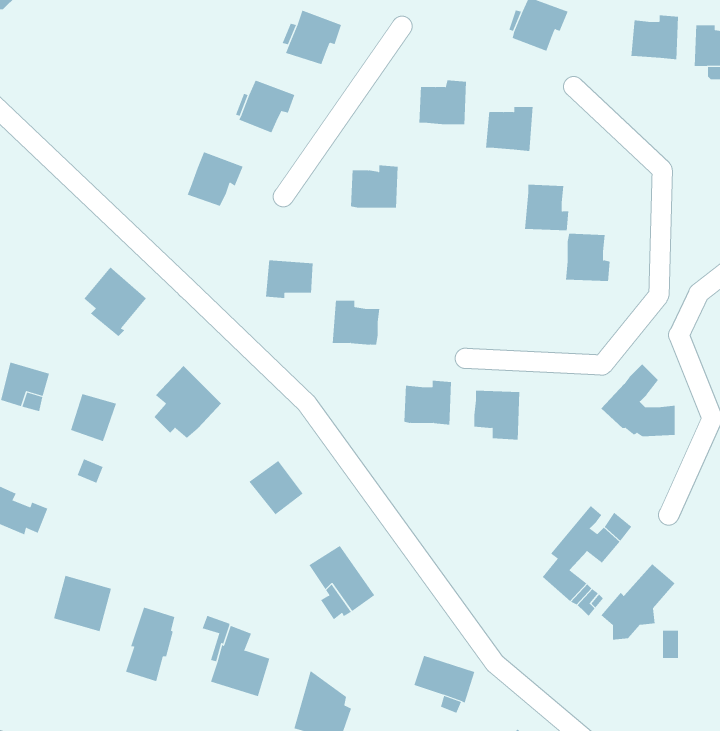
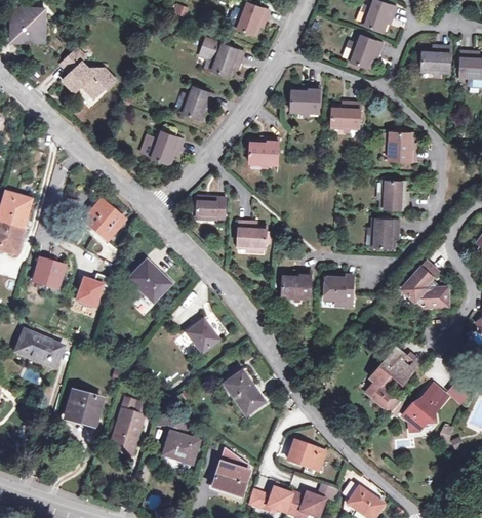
building: none -> [61,48,116,99]
building: [524,184,569,231] -> [388,131,415,160]
building: none -> [370,218,399,247]

